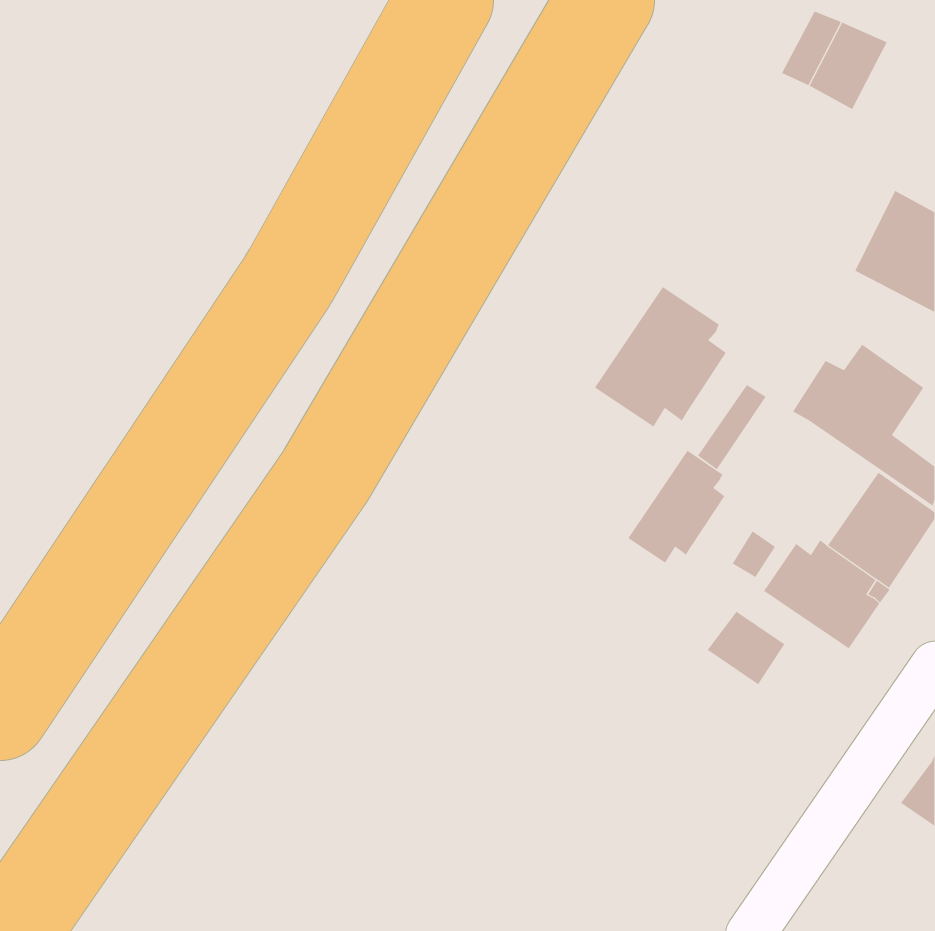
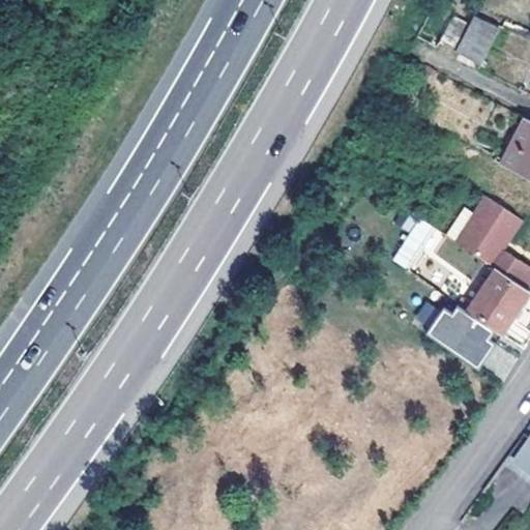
building: [594,286,727,427] -> none
building: [627,450,725,564] -> none
building: [707,611,785,685] -> none

